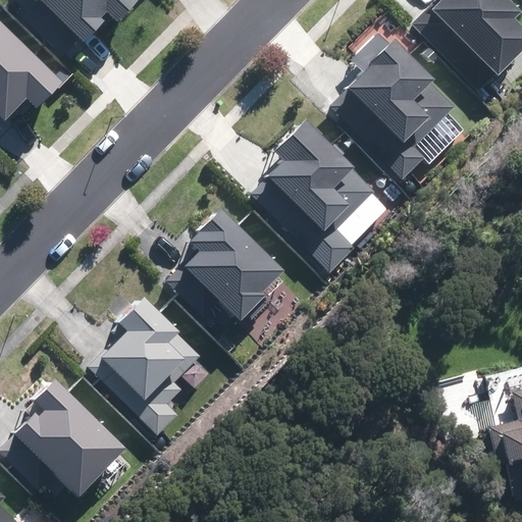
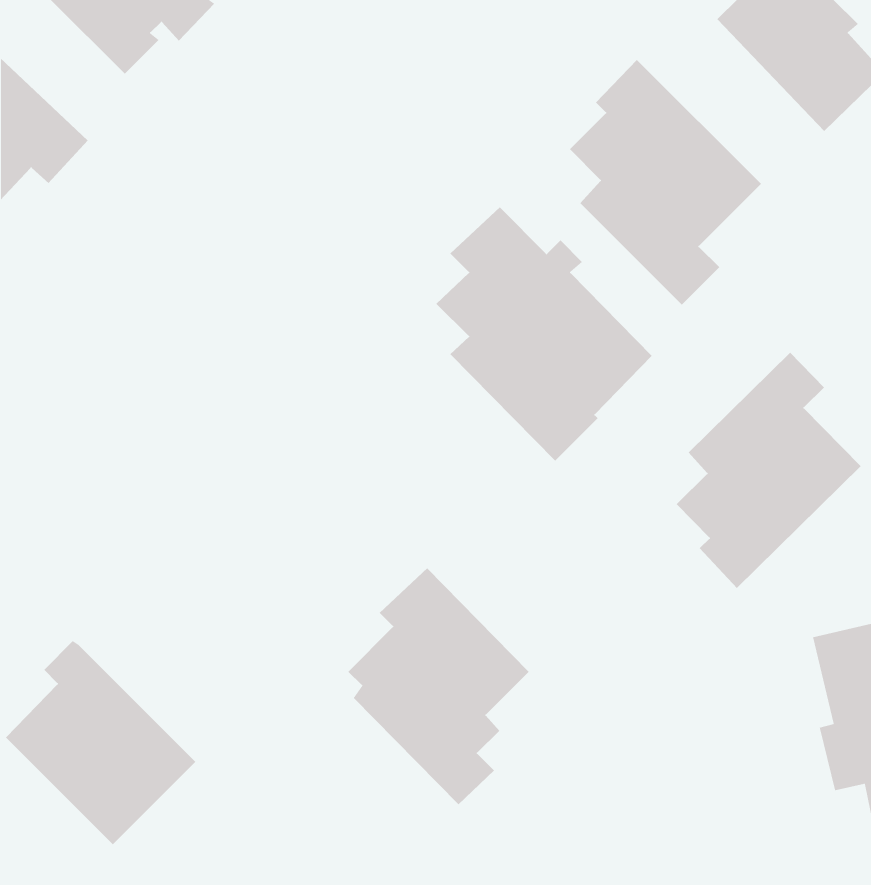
building: none -> [676,352,861,589]
building: [184,209,282,321] -> none
building: [98,294,205,433] -> [347,568,530,805]

